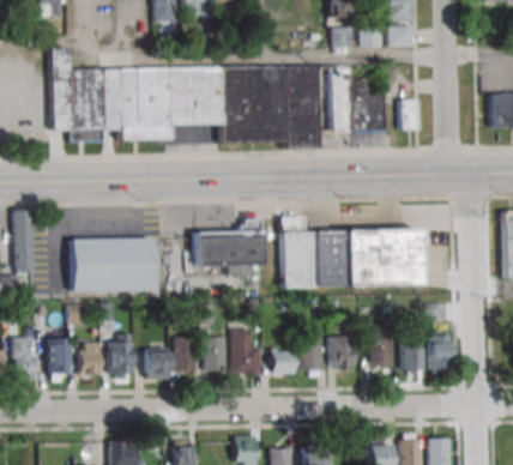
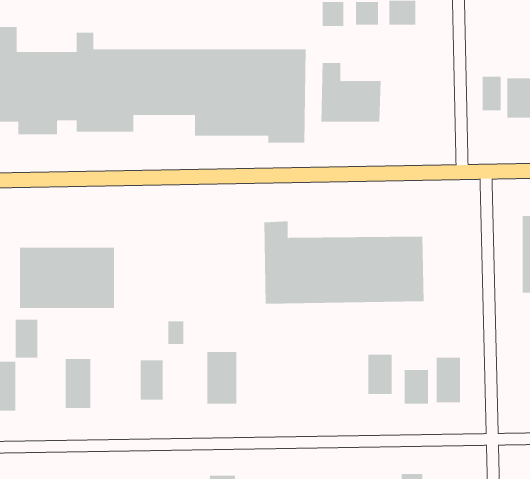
building: [399,99,416,129] -> [482,76,501,111]
building: [194,217,261,274] -> none
building: [300,332,321,374] -> none
building: [204,336,225,372] -> none
building: [330,336,356,368] -> none
building: [79,342,99,375] -> [15,319,38,358]
building: [139,348,168,379] -> none
building: [271,350,294,374] -> none

